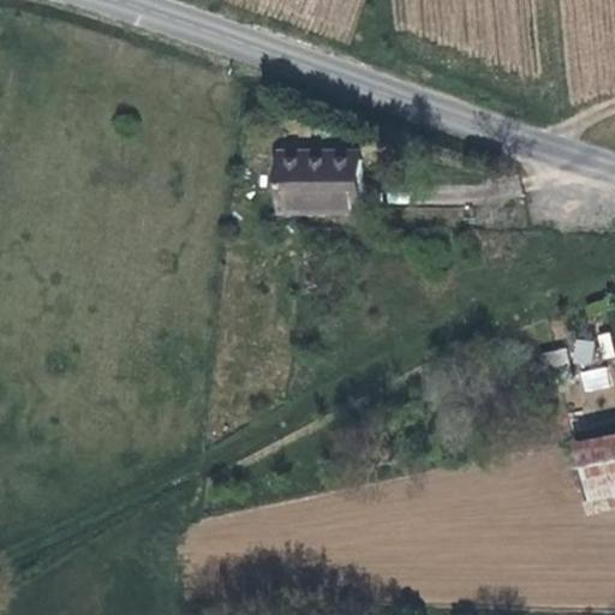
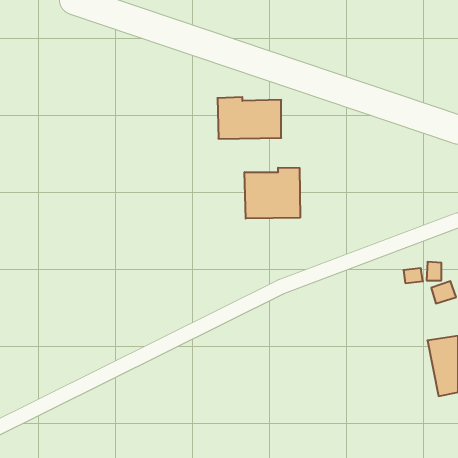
building: none -> [245,168,300,219]

